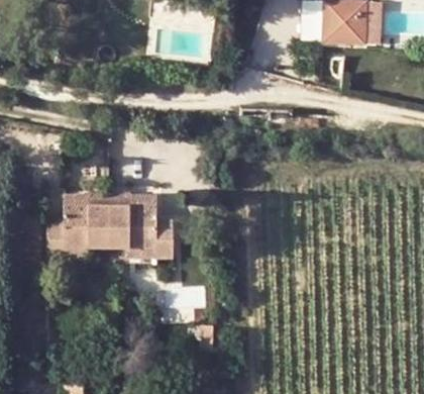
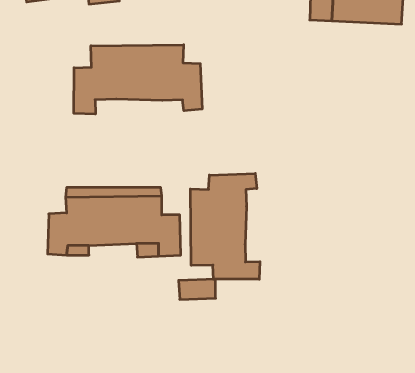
building: none -> [74,45,202,114]
building: none -> [190,173,260,279]

